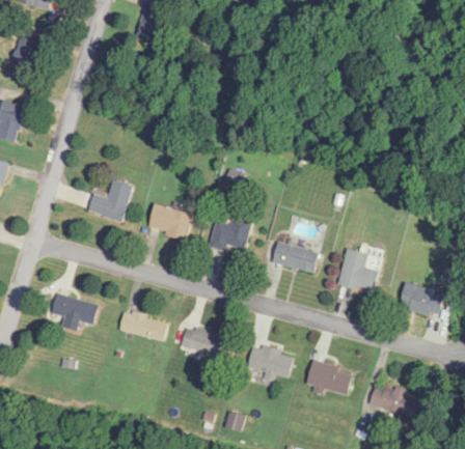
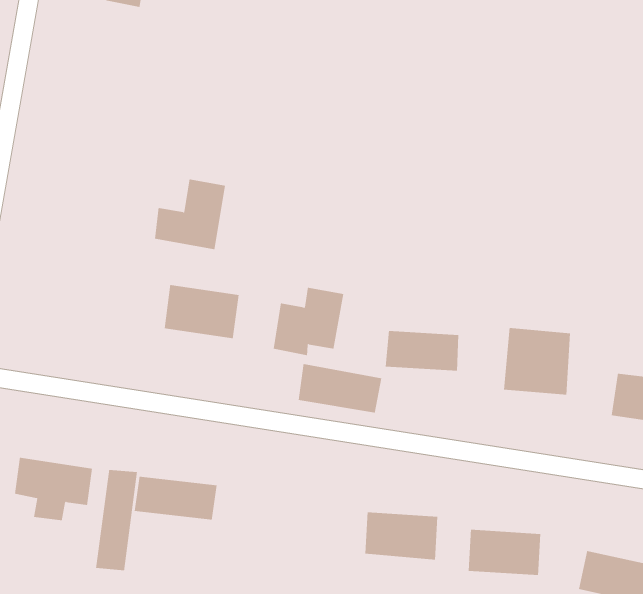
building: [88,178,133,221] -> [154,179,226,250]
building: none -> [96,469,138,571]
building: [181,326,230,359] -> [298,364,382,413]

